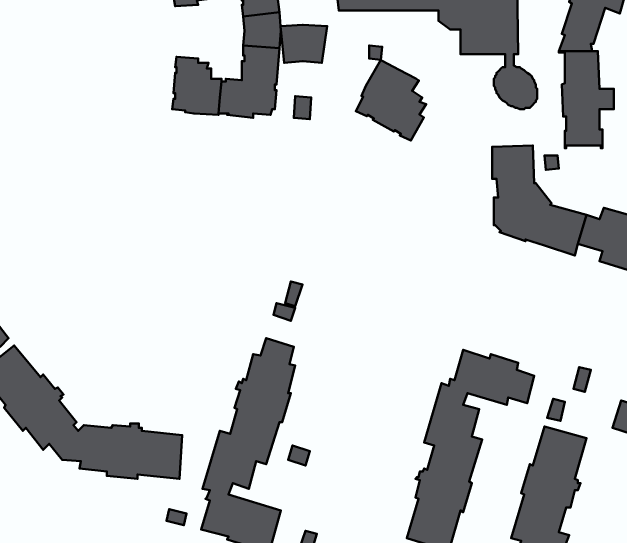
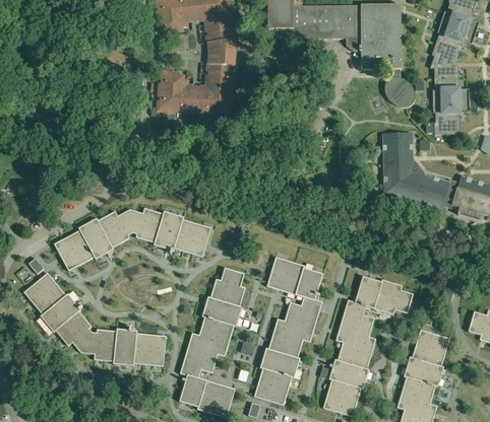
building: [280,25,327,63] -> none
building: [356,60,426,141] -> none
building: none -> [54,208,211,271]
building: none -> [254,257,323,406]

